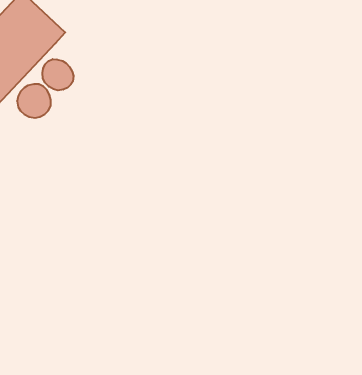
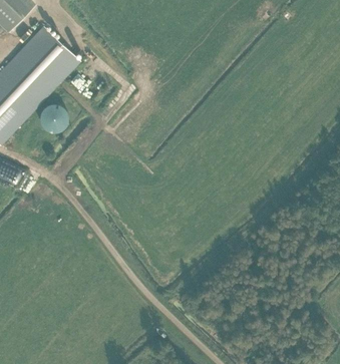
building: [42,59,73,90] -> none

